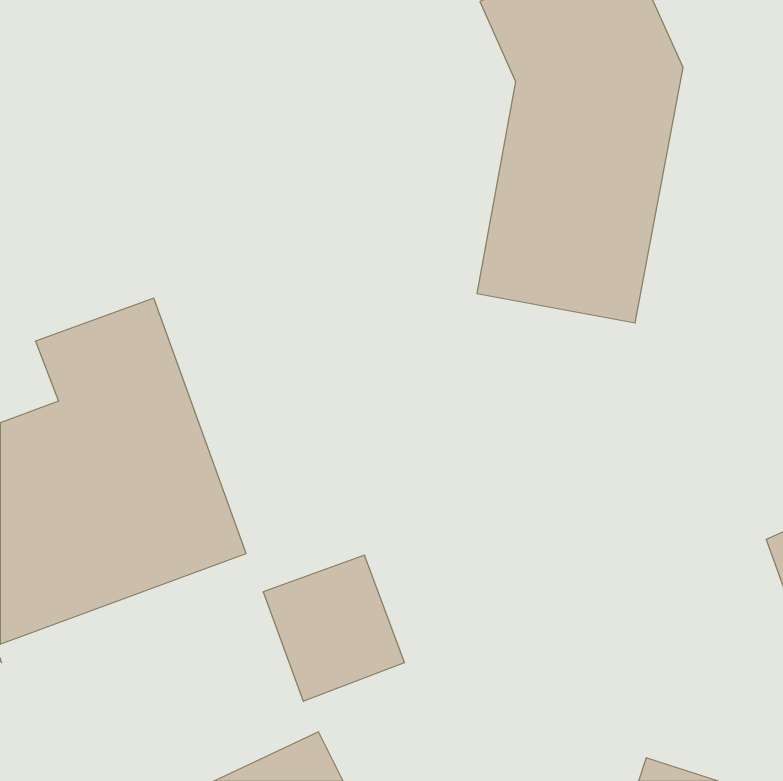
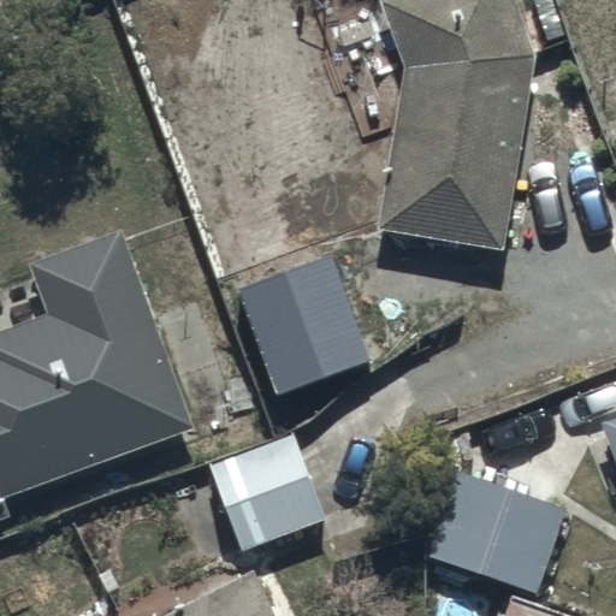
building: none -> [238,250,372,392]
building: none -> [416,470,563,596]

